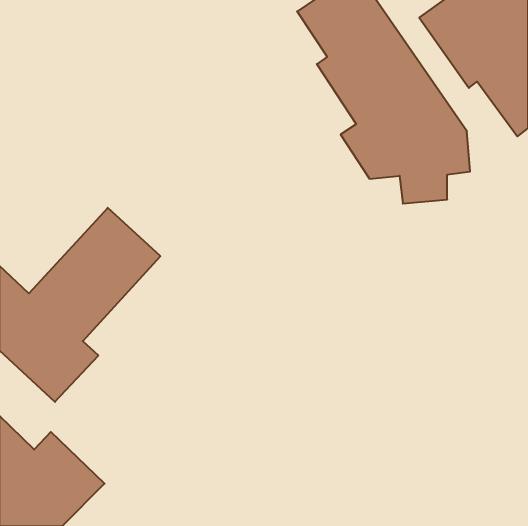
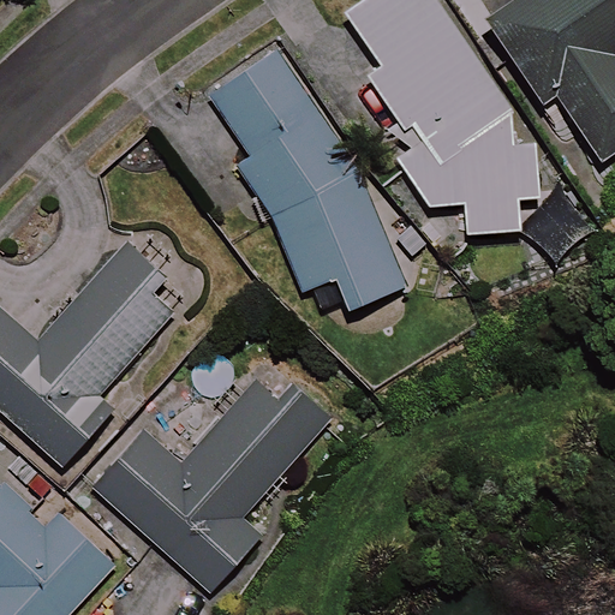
building: none -> [215,55,413,311]
building: none -> [95,375,322,591]

